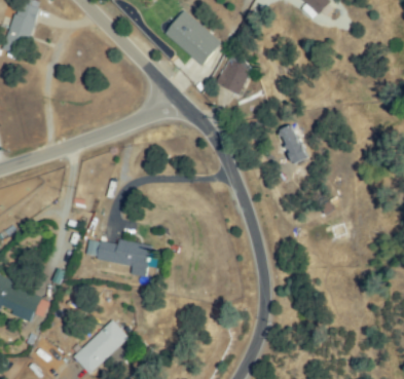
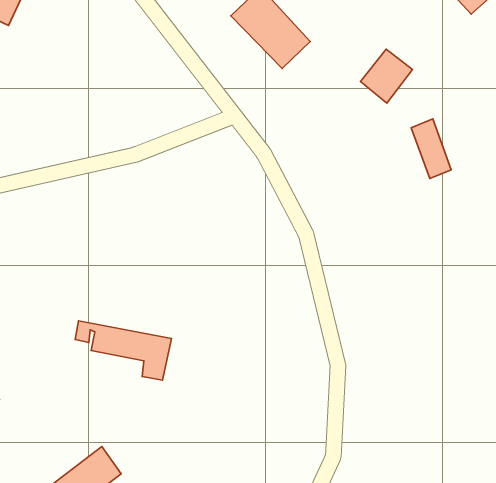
building: [219,60,252,94] -> [361,49,412,103]
building: [279,124,307,163] -> [411,119,451,179]

